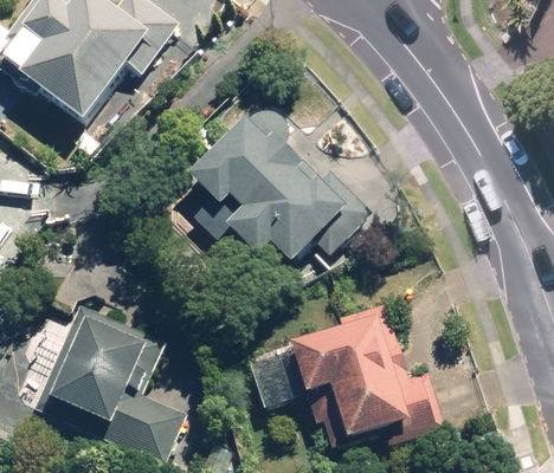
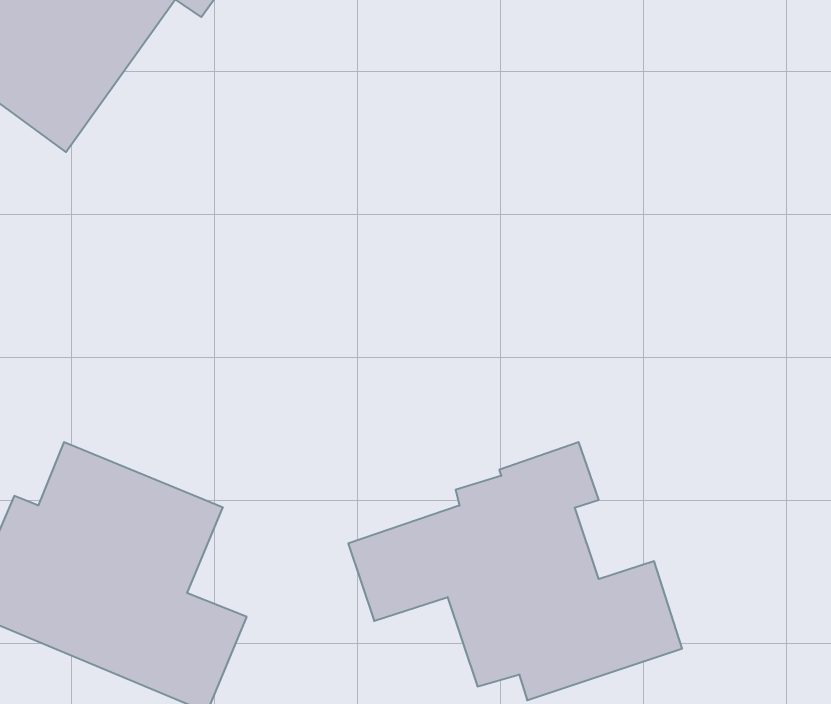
building: [192,110,375,273] -> none

